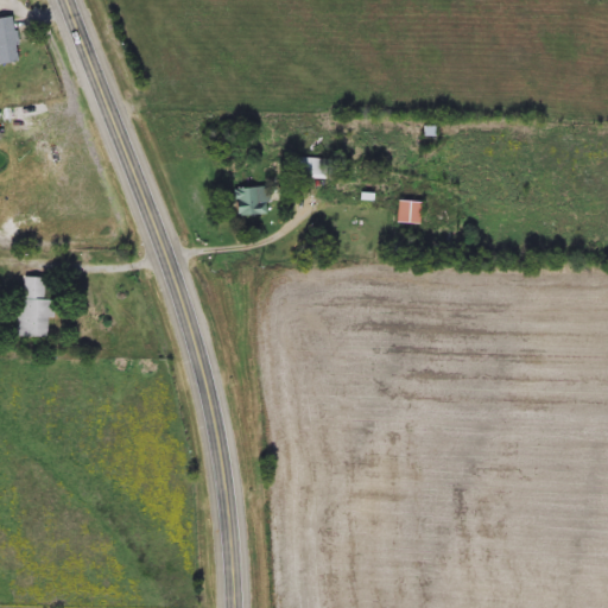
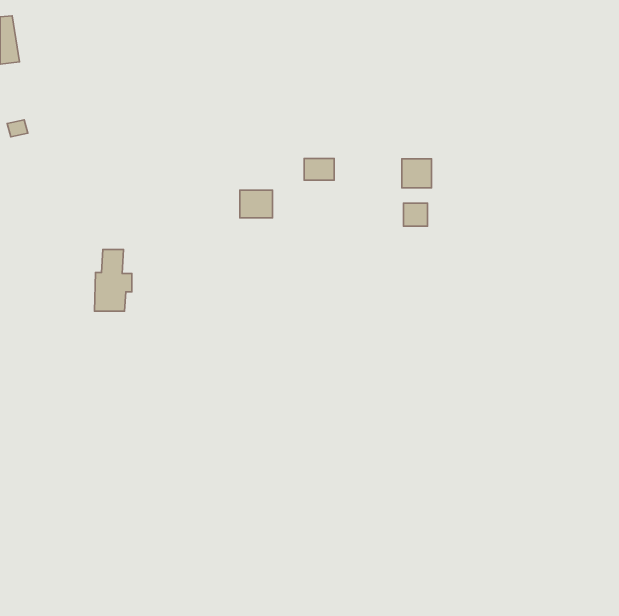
building: none -> [402,159,431,188]
building: [17,276,53,336] -> [94,249,132,311]

